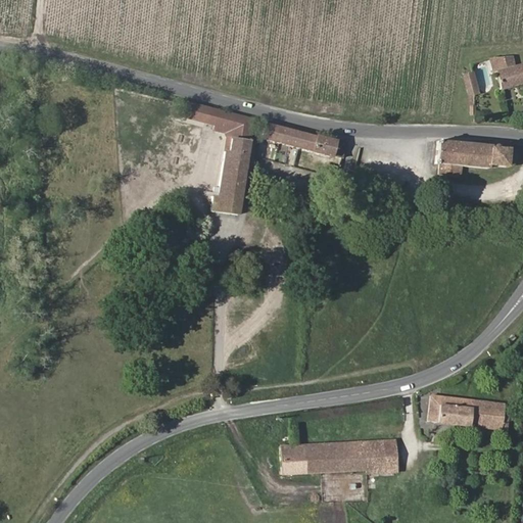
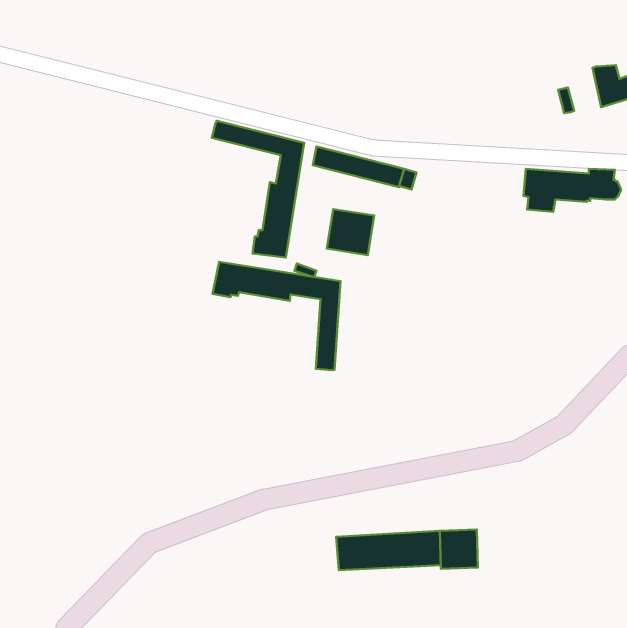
building: none -> [327,209,374,255]
building: none -> [212,262,340,370]
building: [429,394,506,429] -> none

